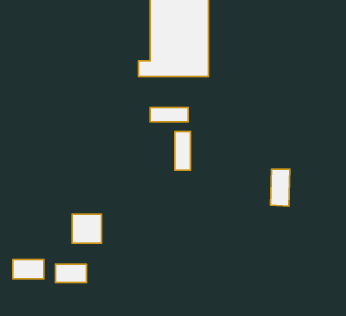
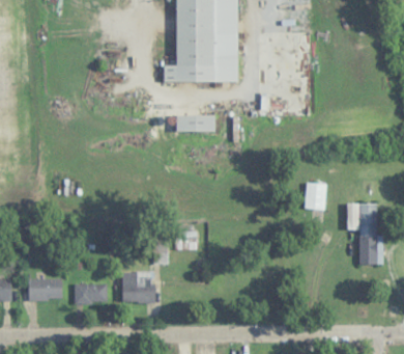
building: [175,131,191,170] -> none
building: none -> [349,203,378,265]
building: [72,214,101,243] -> [122,272,153,303]

